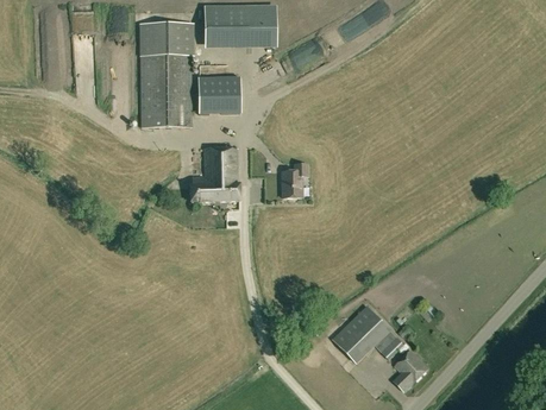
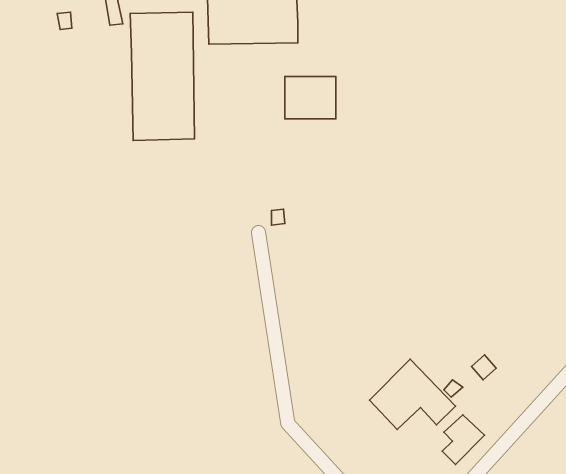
building: [199,80,240,114] -> [285,77,336,119]
building: [189,146,239,200] -> none
building: [281,160,308,196] -> none

